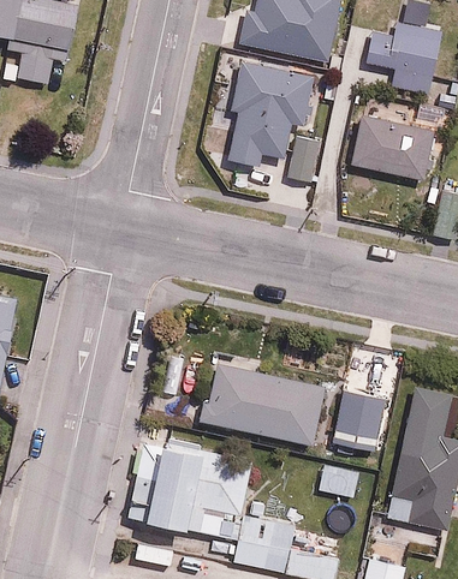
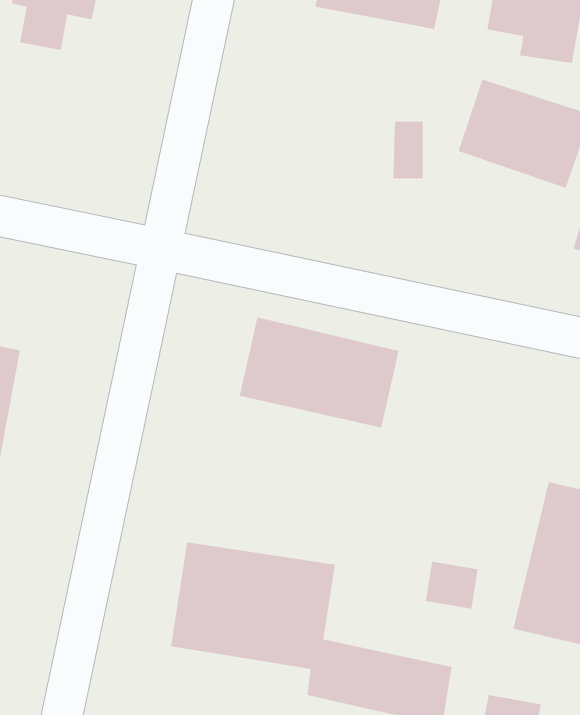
building: [215,60,315,167] -> none
building: [204,363,323,446] -> [239,316,400,429]
building: [335,394,385,450] -> none

